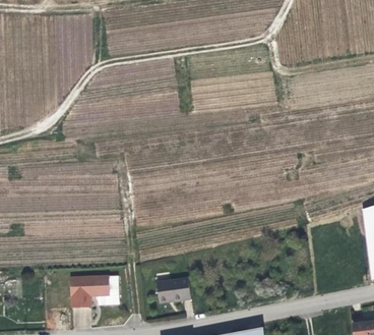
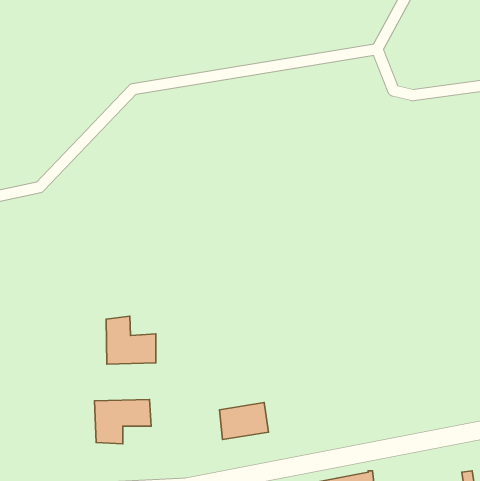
building: none -> [106,316,156,364]

